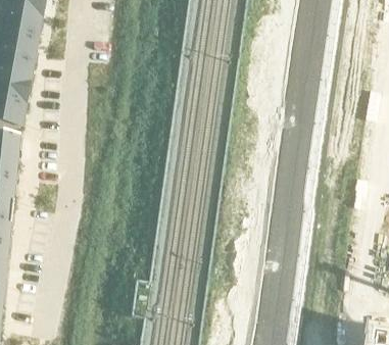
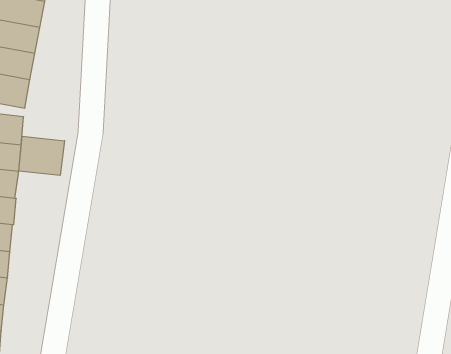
building: none -> [19,136,65,175]

